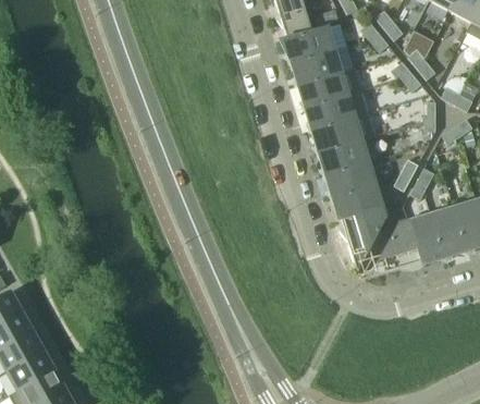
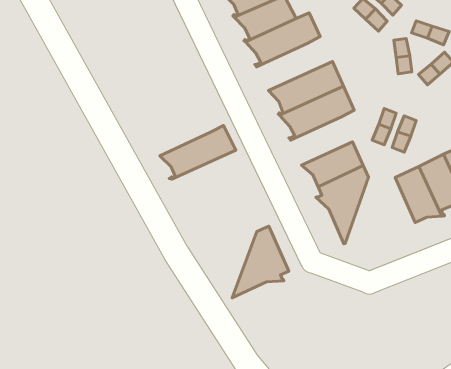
building: [303,88,369,128] -> [160,125,236,179]
building: [323,160,377,197] -> none
building: [369,219,421,277] -> [232,226,289,298]

